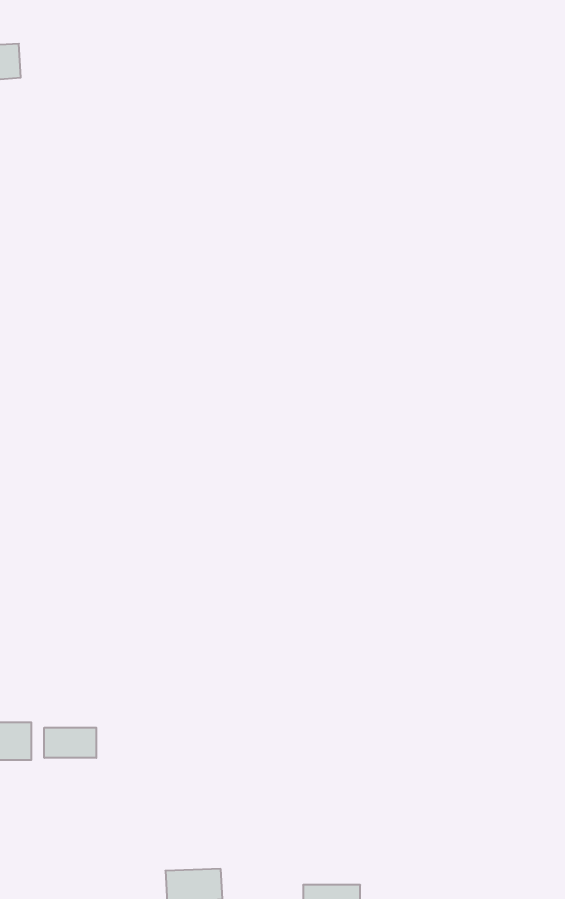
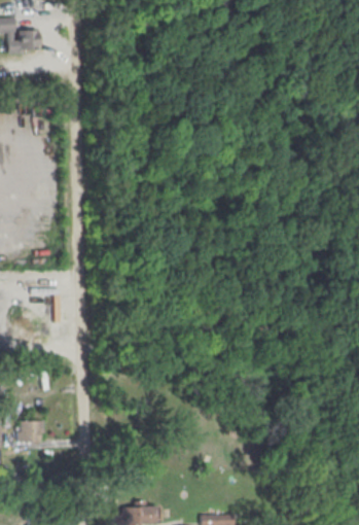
building: [44,728,96,758] -> none

